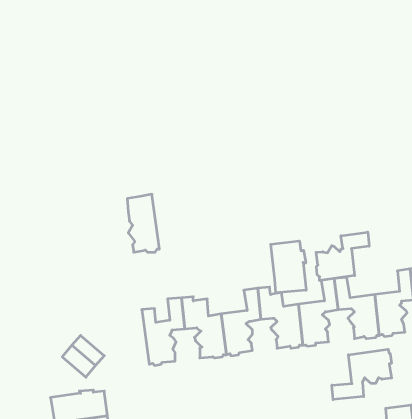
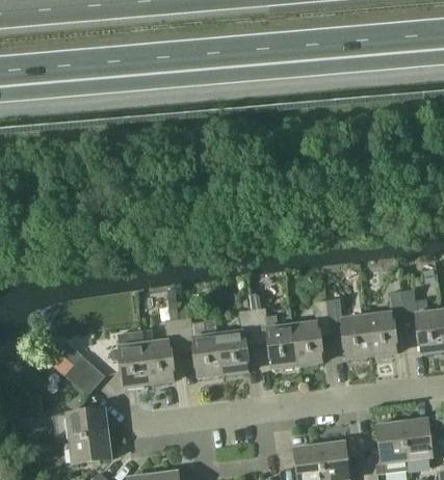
building: [127,194,159,252] -> [117,329,149,385]
building: [316,232,369,280] -> none
building: [271,241,306,293] -> none
building: [332,349,392,400] -> none

